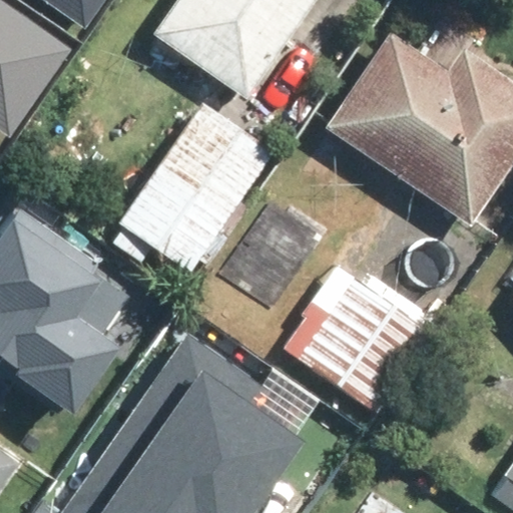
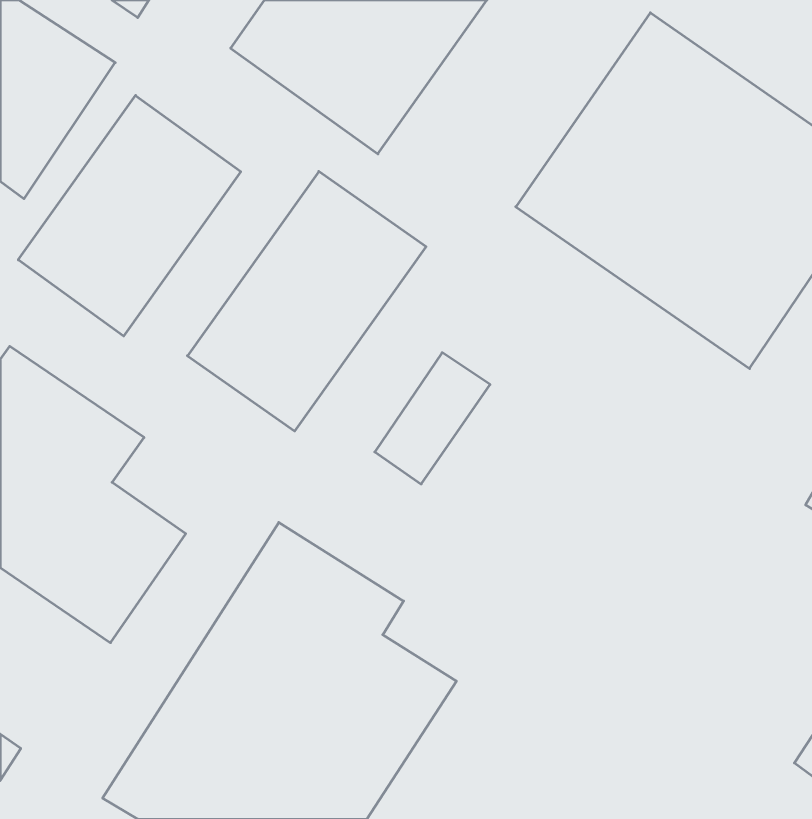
building: none -> [18,95,241,336]
building: [300,279,433,413] -> none

